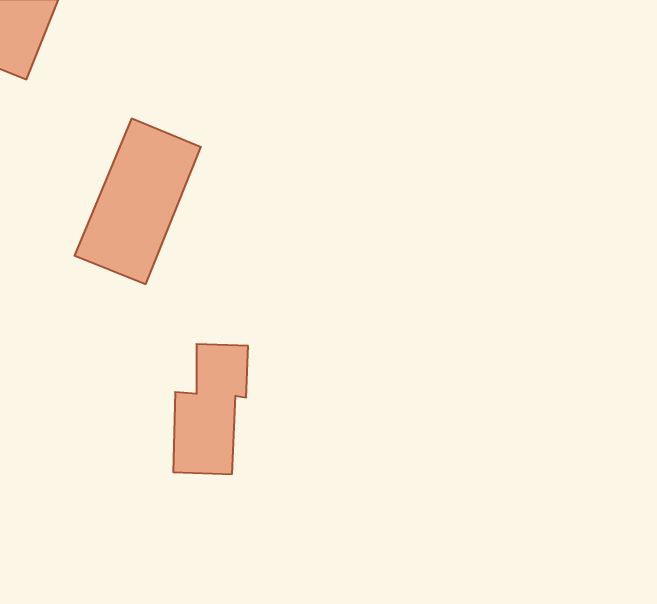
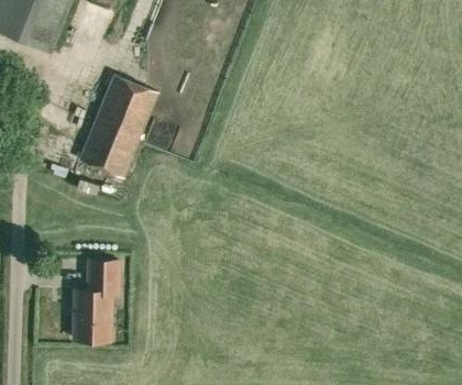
building: [173,344,248,474] -> [73,258,119,339]

